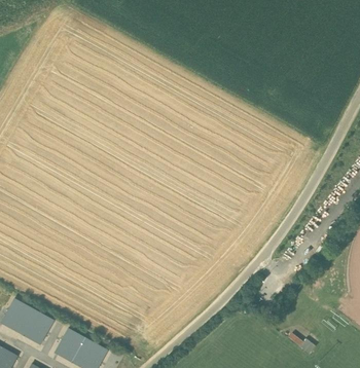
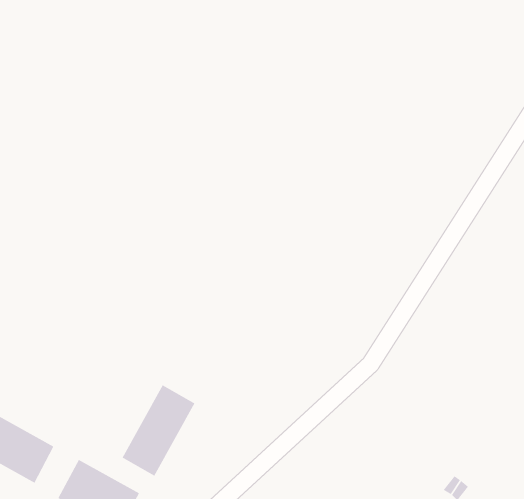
building: none -> [122,385,195,476]

